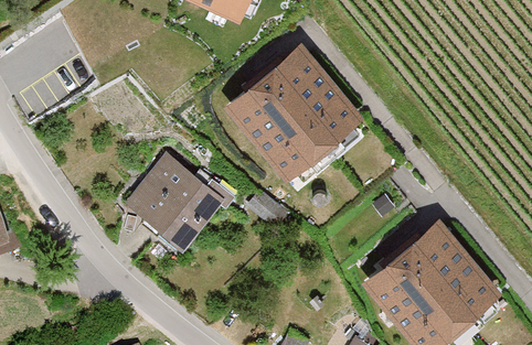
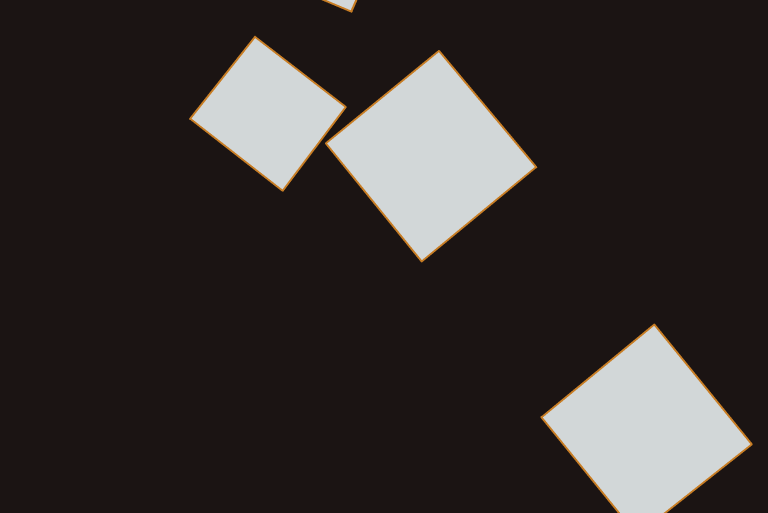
building: [125,153,225,252] -> [190,37,346,191]

